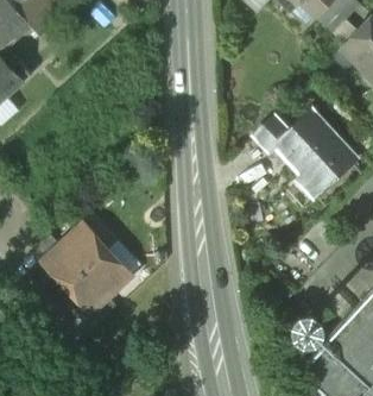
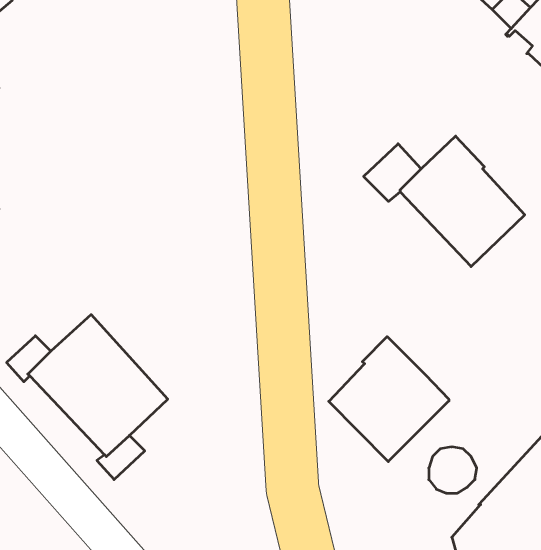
building: none -> [329,337,449,462]

